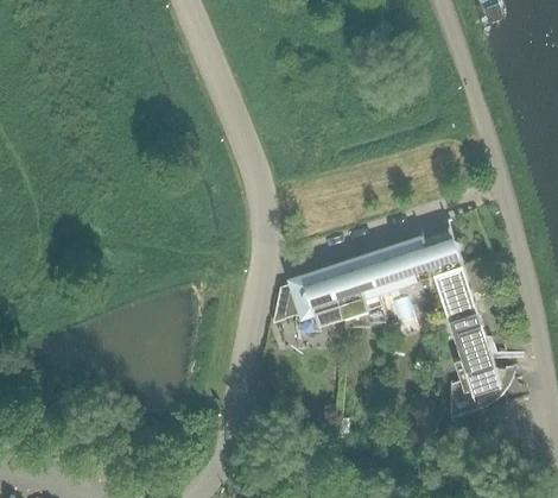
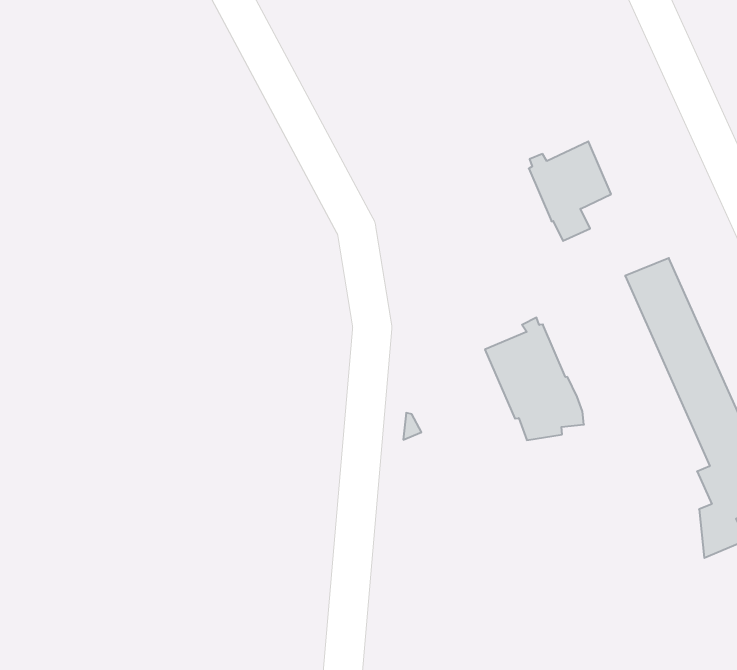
building: [366,244,416,304] -> [529,141,611,241]
building: [290,269,342,327] -> none

